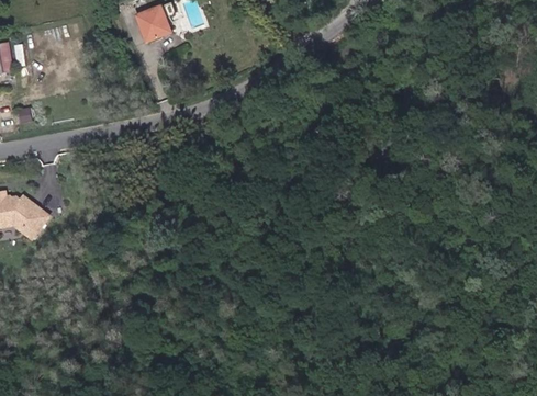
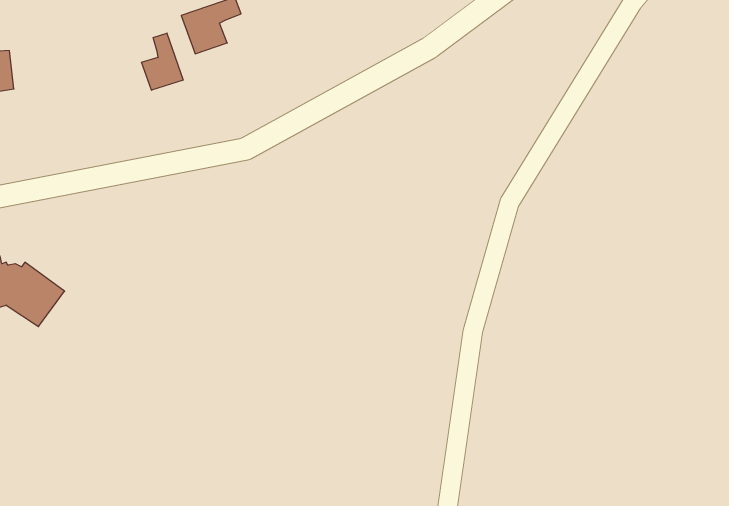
building: none -> [142,33,183,90]

